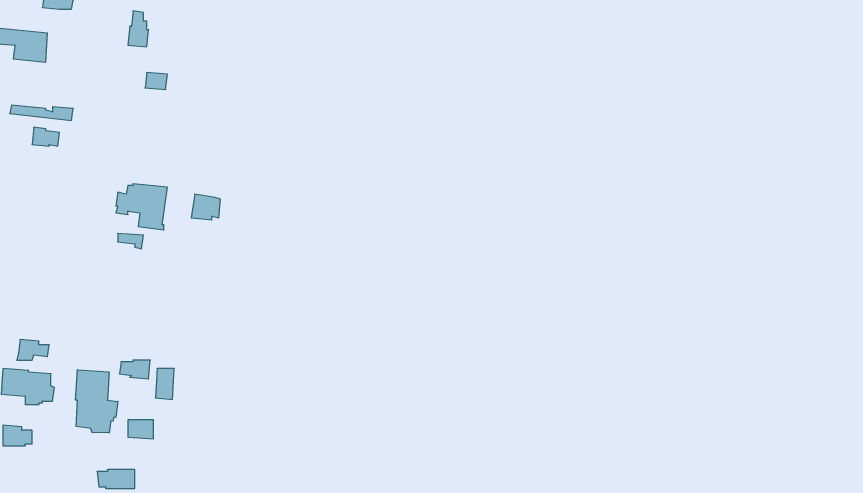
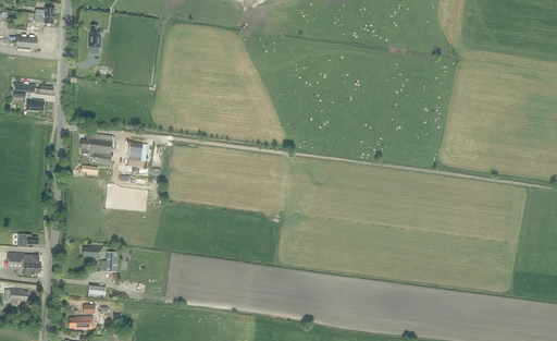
building: [75,370,118,433] -> none

